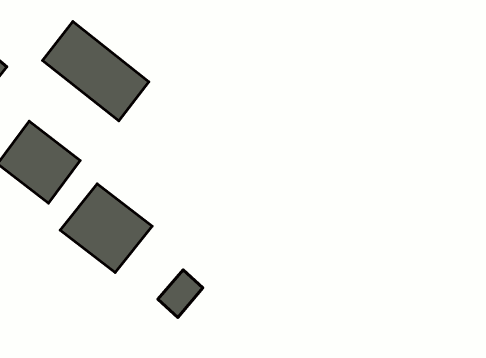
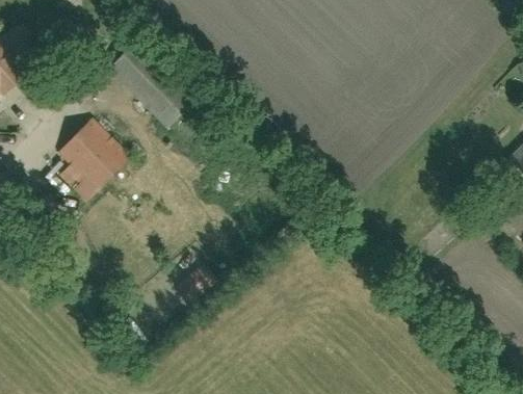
building: [60,184,152,273] -> none

